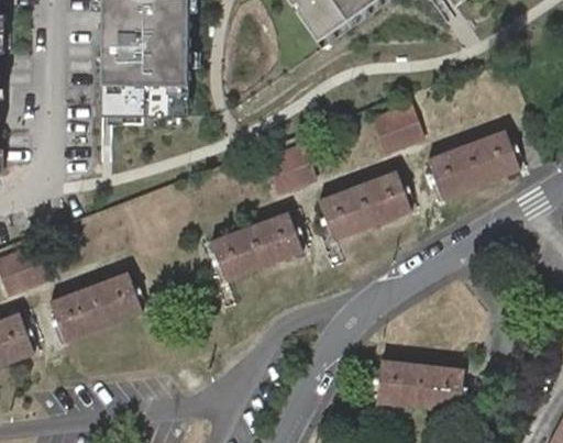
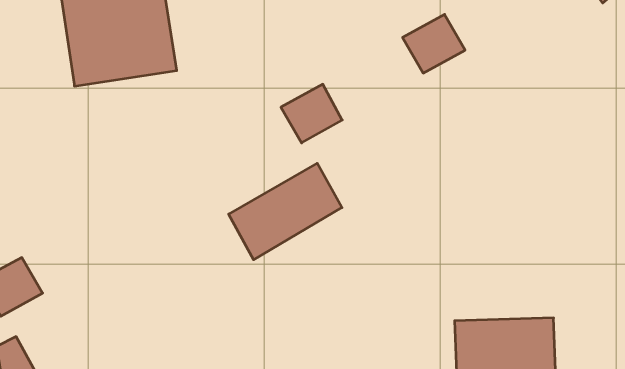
building: [427,131,518,199] -> none
building: [319,171,410,240] -> none
building: [49,272,143,341] -> none

